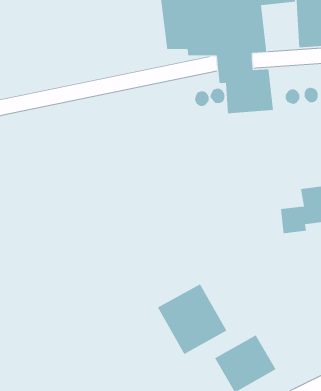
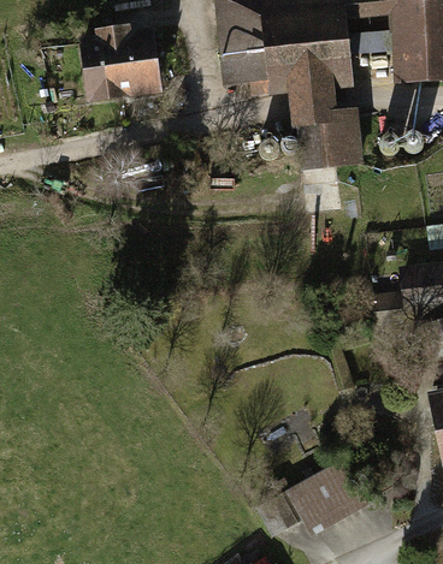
building: none -> [79,26,160,103]
building: [157,283,227,355] -> none

